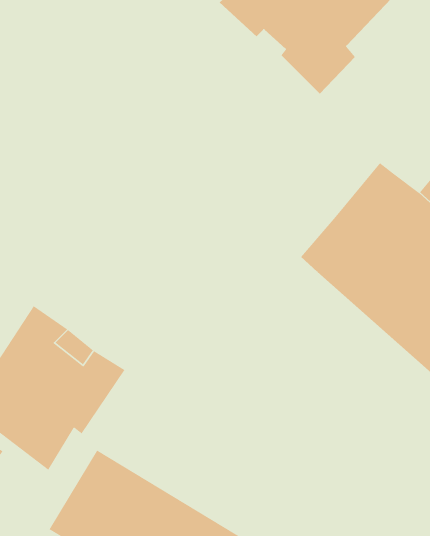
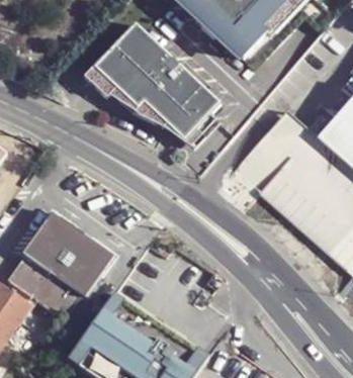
building: none -> [91,26,224,140]

